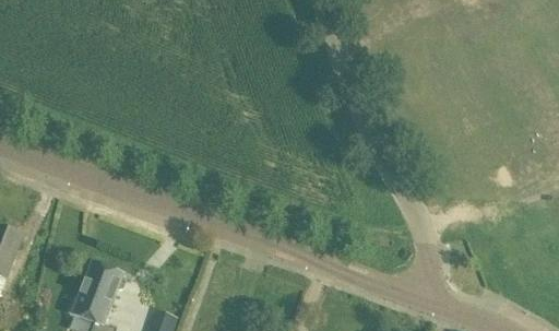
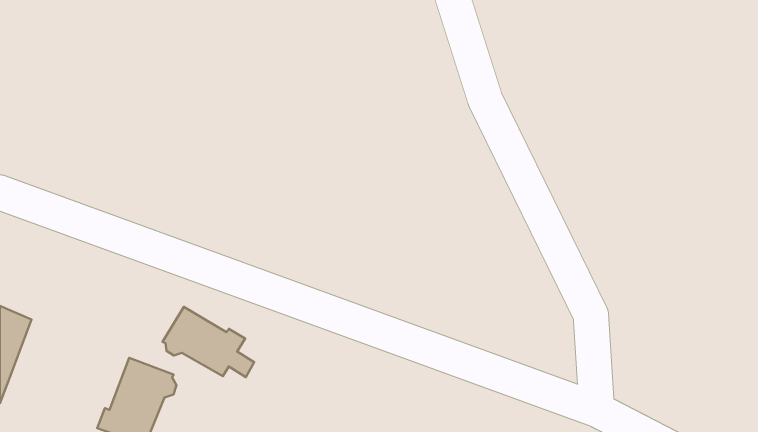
building: none -> [163,307,254,377]

